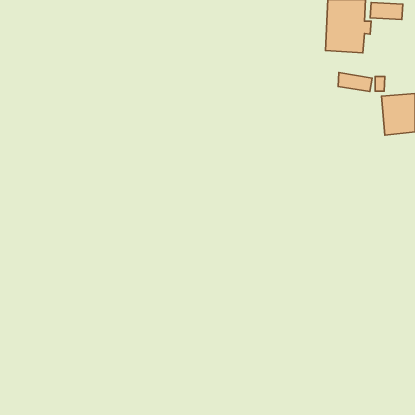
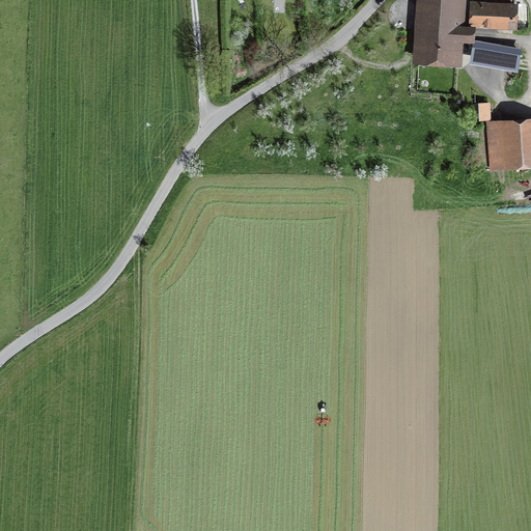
building: [338,73,372,91] -> [473,40,516,64]

